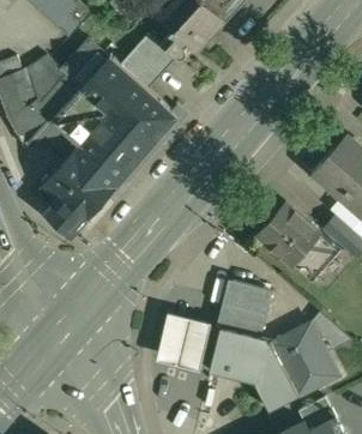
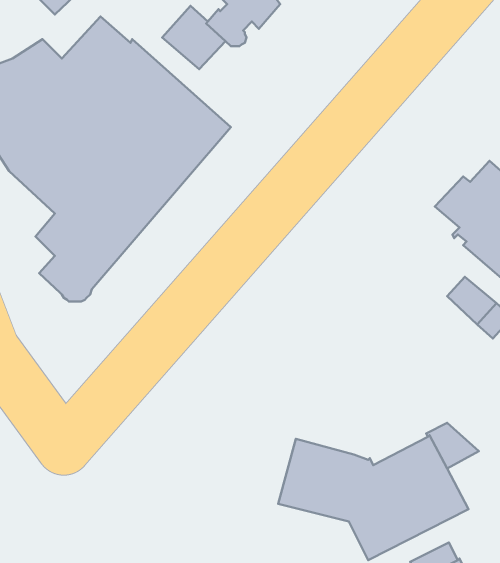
building: [257,204,337,281] -> none
building: [221,282,272,337] -> none
building: [156,311,212,370] -> none

